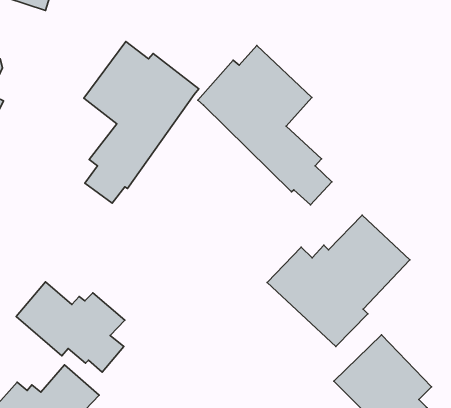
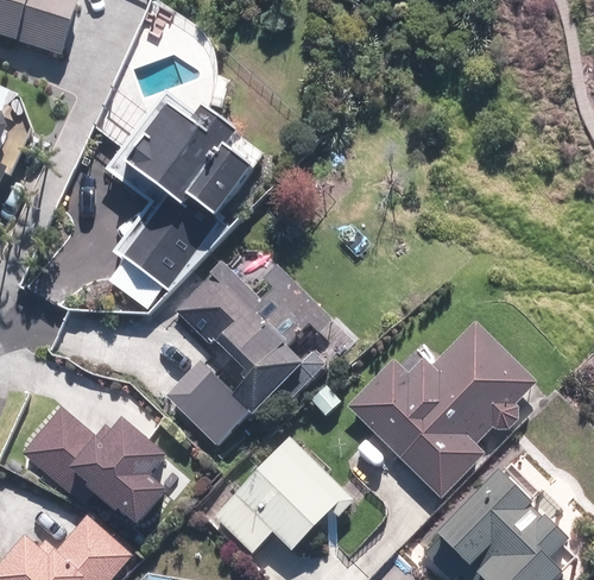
building: [198,45,332,205] -> none
building: none -> [166,263,334,443]
building: none -> [215,440,345,551]

